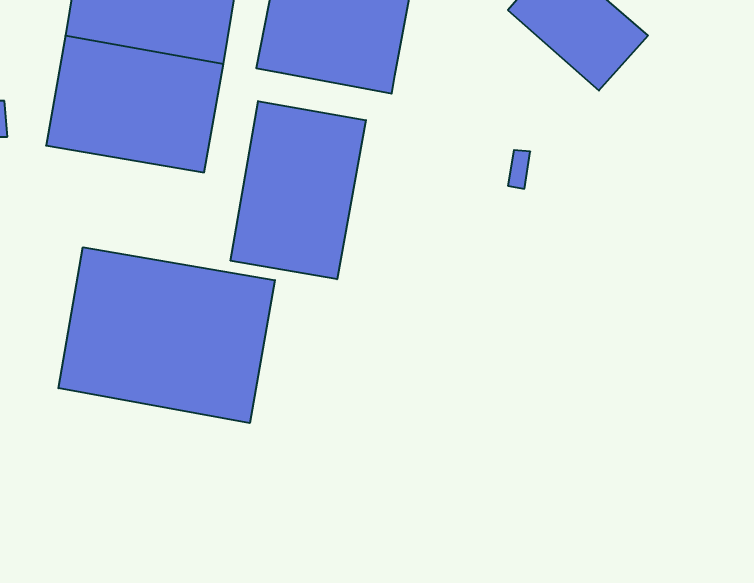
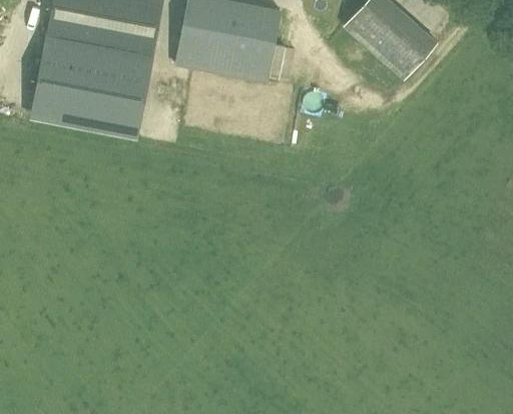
building: [231,101,366,279] -> none
building: [58,247,275,423] -> none

